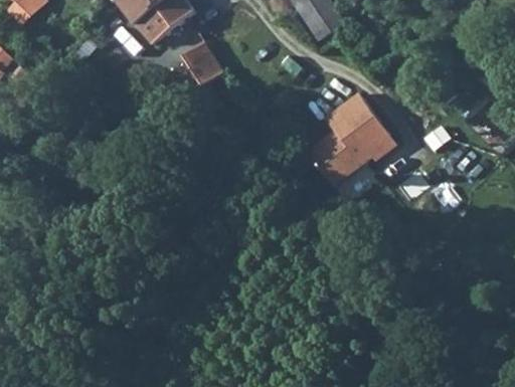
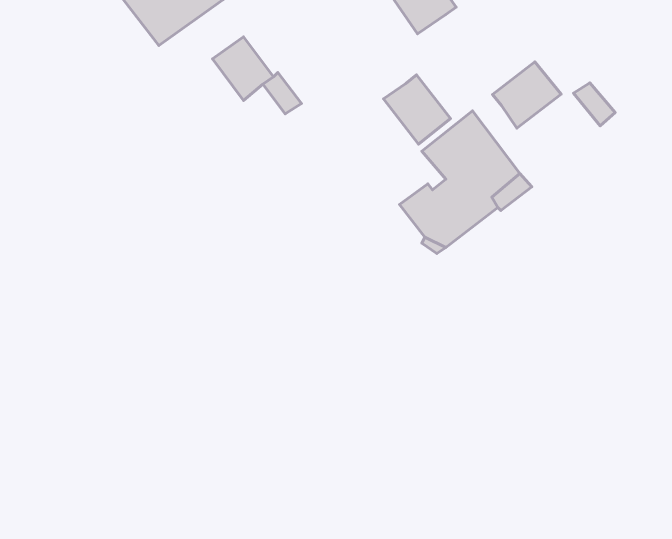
building: none -> [493,62,561,128]
building: none -> [383,75,450,144]

